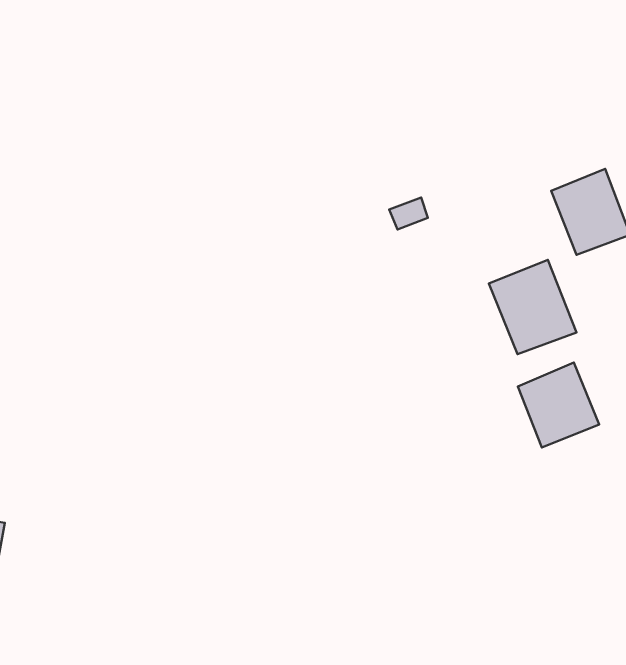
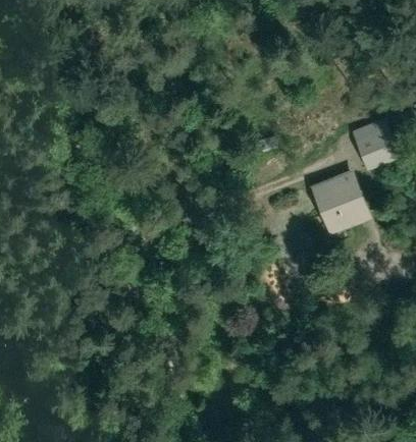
building: [518,363,599,447] -> none

